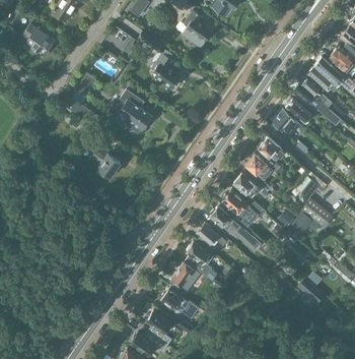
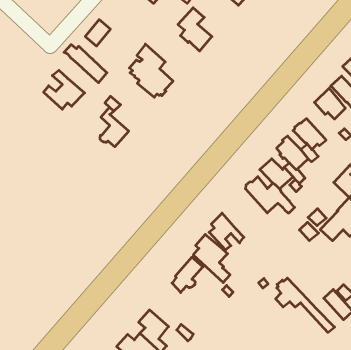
building: none -> [44,70,85,109]
building: [210,205,262,247] -> [276,278,335,332]
building: [161,287,199,313] -> none

